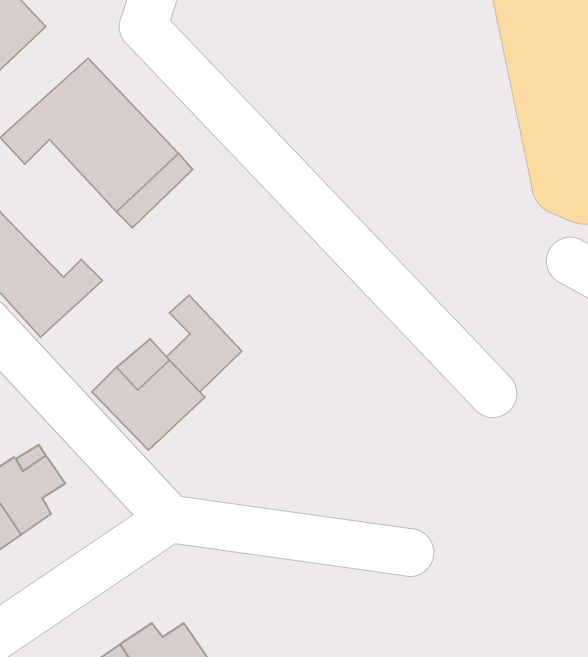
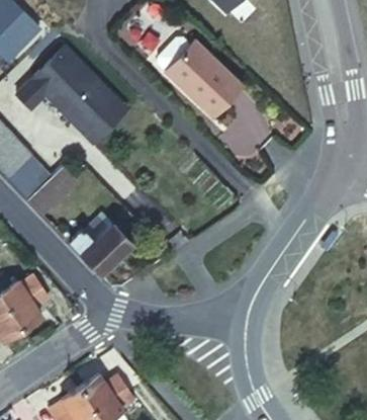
building: none -> [164,38,242,115]
building: [167,295,242,392] -> none

